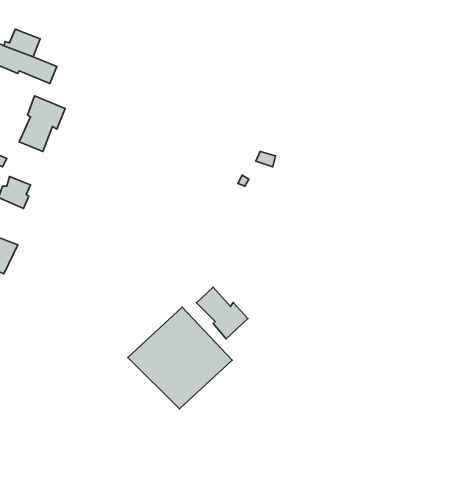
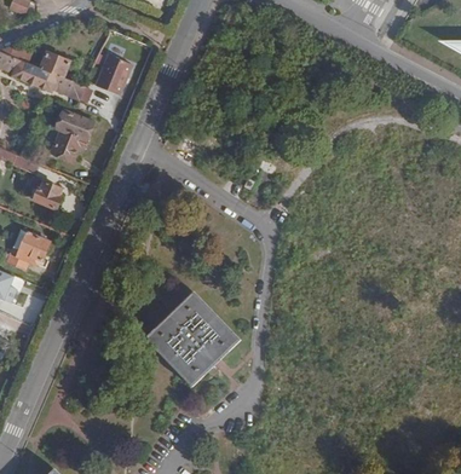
building: none -> [94,53,131,94]
building: [197,287,248,339] -> none

